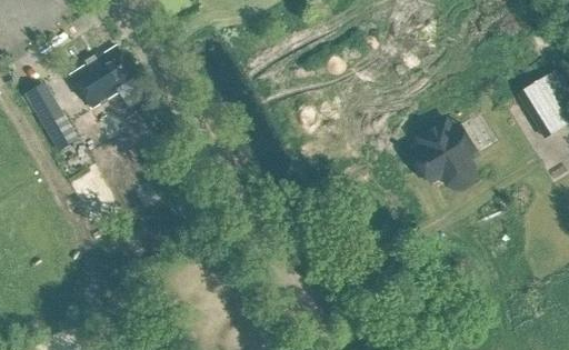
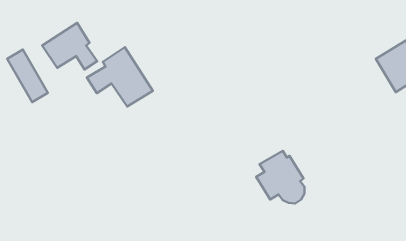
building: none -> [87,47,153,107]
building: [411,119,476,189] -> [256,151,304,204]

